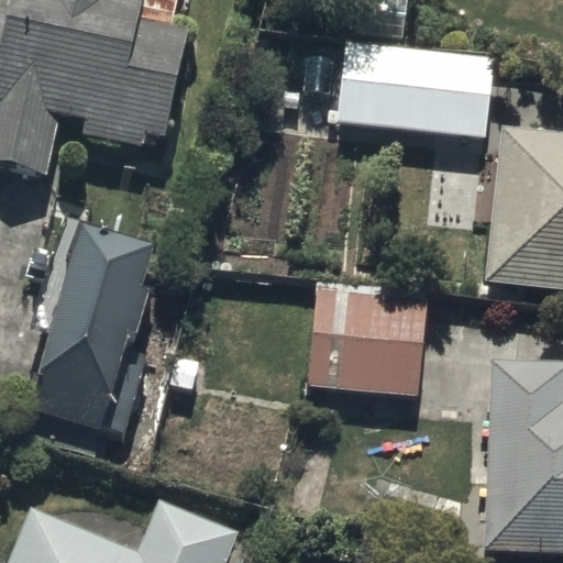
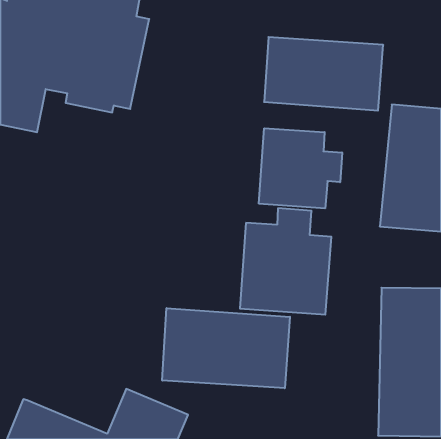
building: none -> [259,128,342,208]
building: [34,219,154,434] -> none
building: none -> [162,308,290,388]

